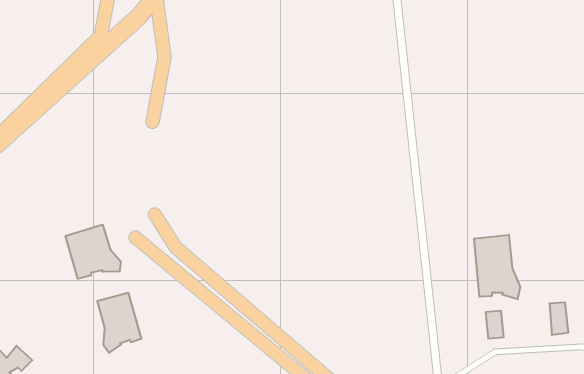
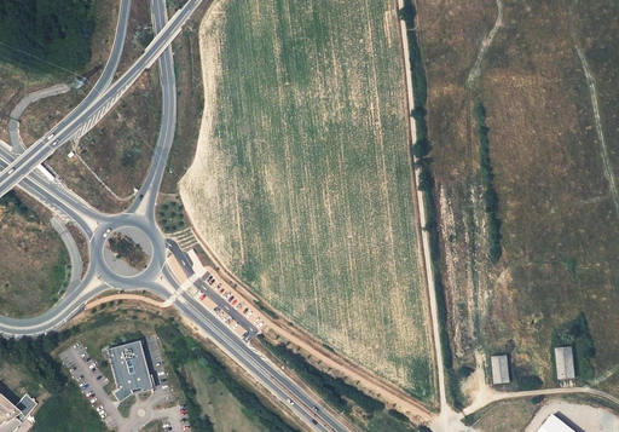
building: [65,225,121,279] -> none
building: [474,235,520,299] -> none

